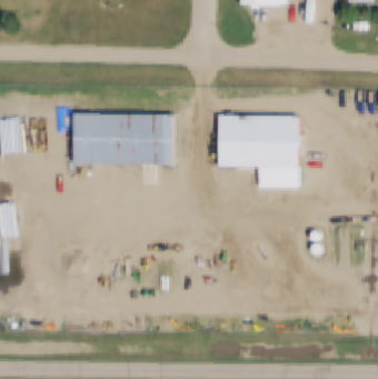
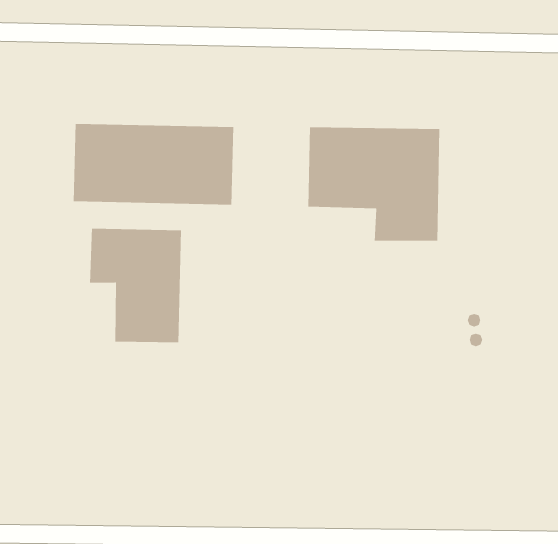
building: none -> [89,228,182,343]

